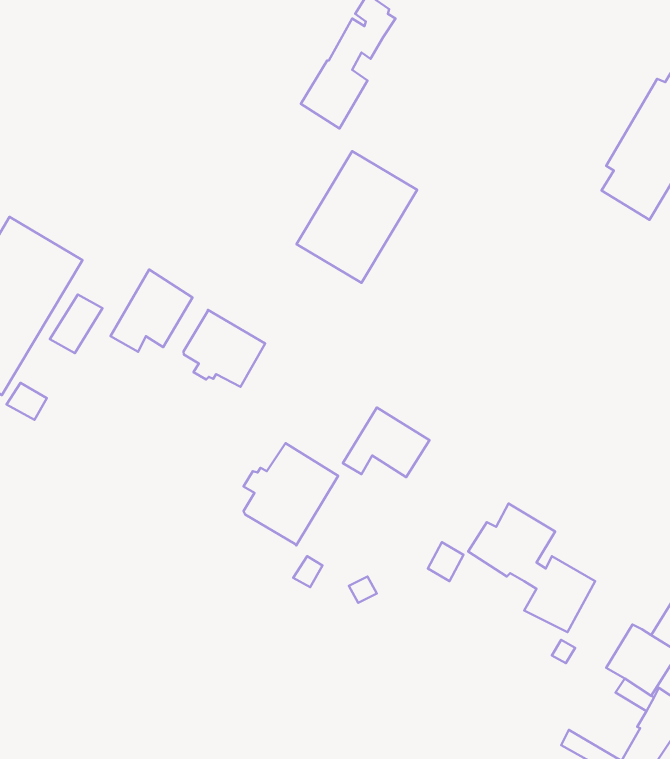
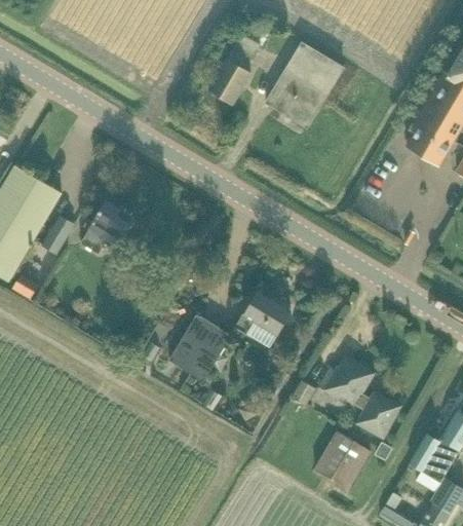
building: [296,151,417,283] -> [265,41,345,128]
building: [184,310,265,387] -> none
building: none -> [314,429,372,489]

